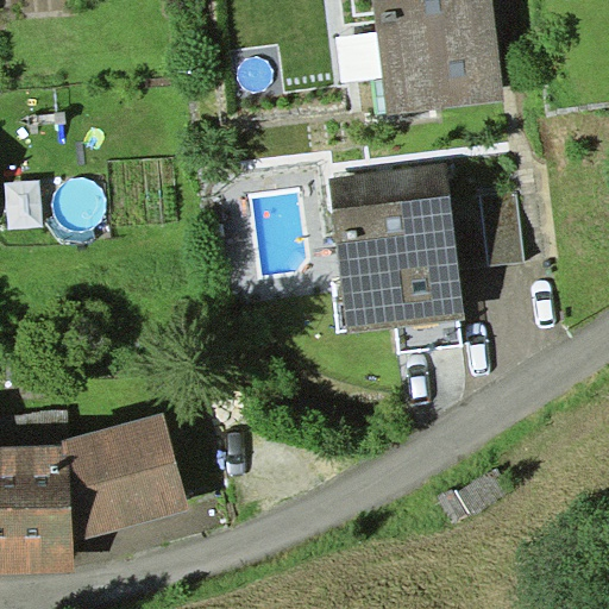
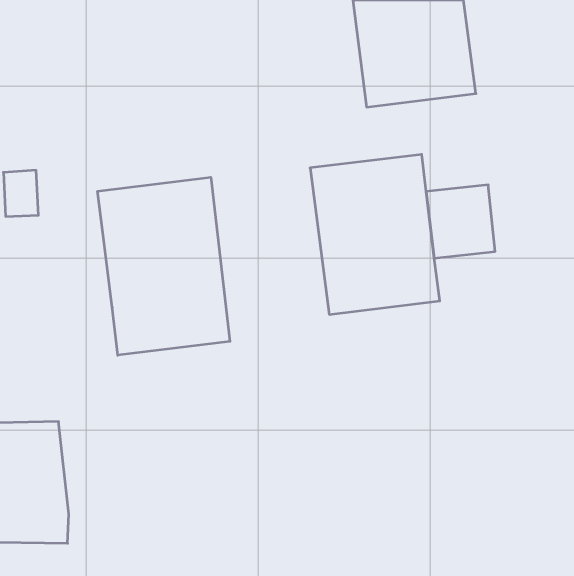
building: none -> [98,177,230,355]
building: [62,413,188,542] -> none

